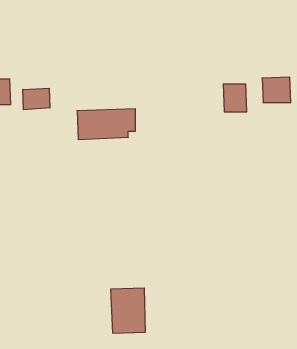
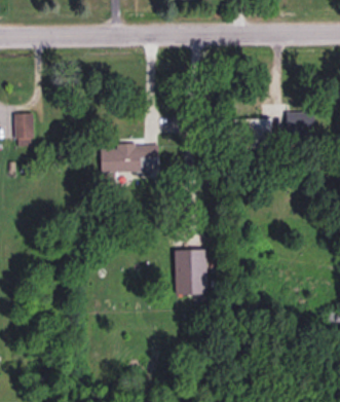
building: [23,88,50,110] -> none
building: [111,288,145,333] -> [173,249,207,294]

